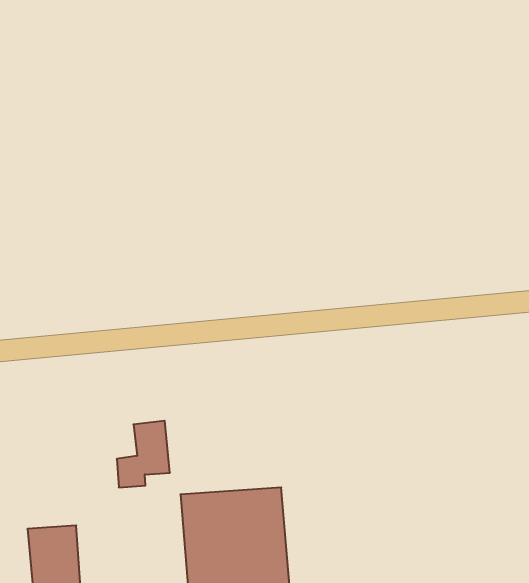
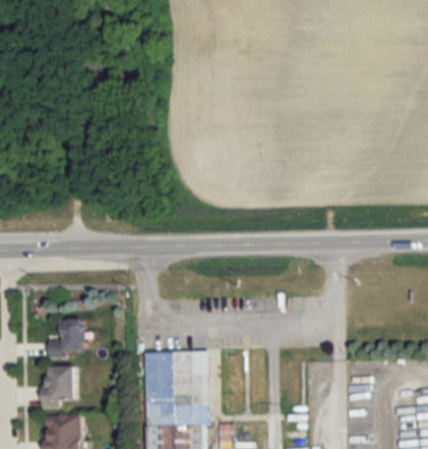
building: [117,421,170,487] -> [48,318,81,358]

